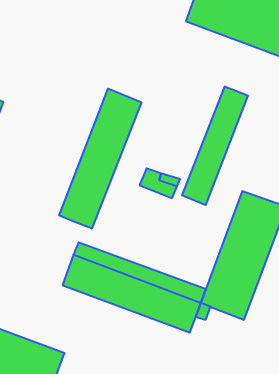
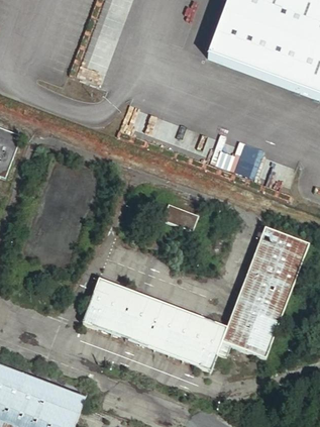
building: [182,86,248,205] -> none
building: [59,89,141,229] -> none

